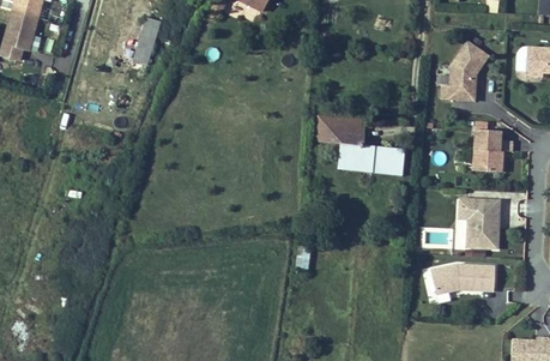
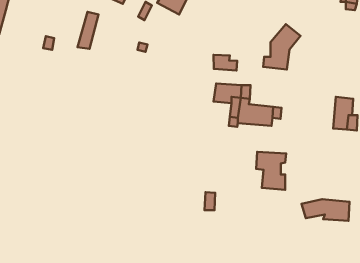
building: [440,40,489,100] -> [263,24,300,69]
building: none -> [214,55,237,70]
building: [459,198,498,248] -> [256,152,286,190]

